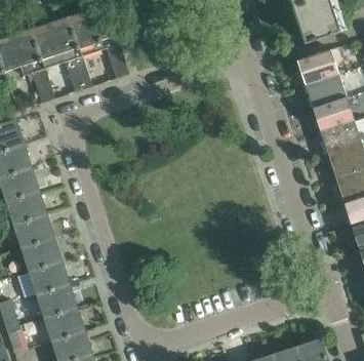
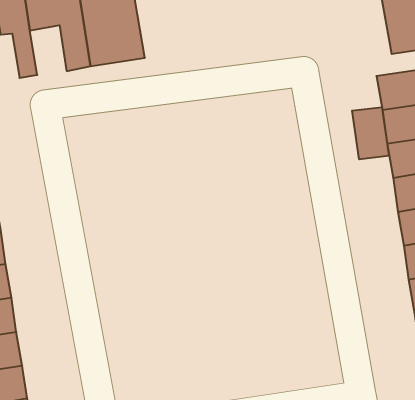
building: none -> [352,107,389,159]

